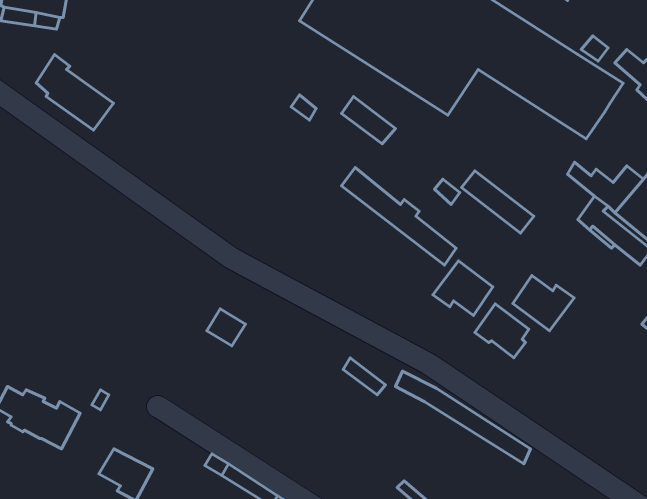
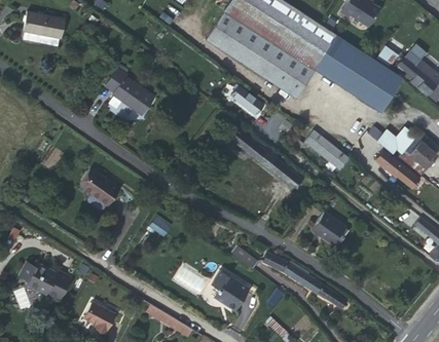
building: [36,54,114,130] -> [107,69,154,115]
building: none -> [82,170,120,211]
building: [433,261,493,315] -> none
building: [513,276,574,331] -> none
building: none -> [213,271,250,310]

